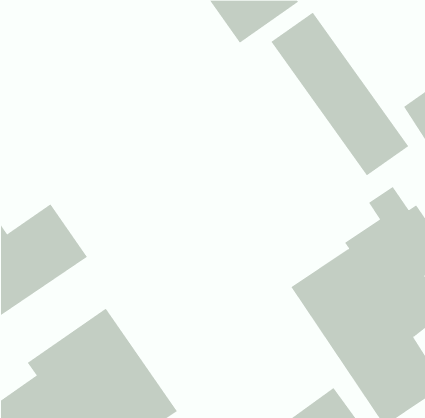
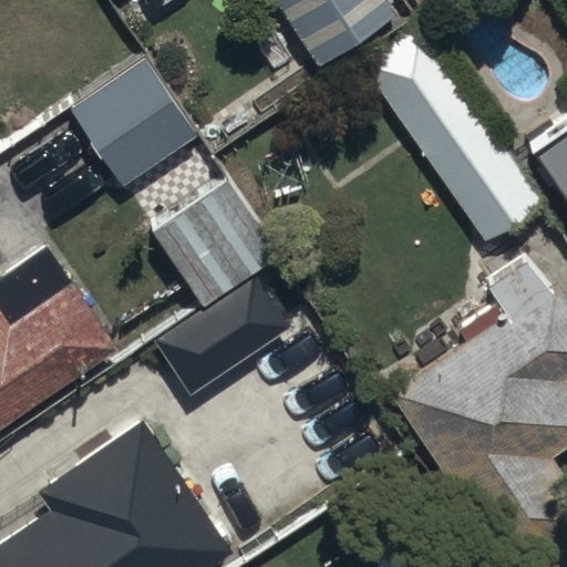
building: none -> [70,55,202,188]
building: none -> [148,174,288,395]

